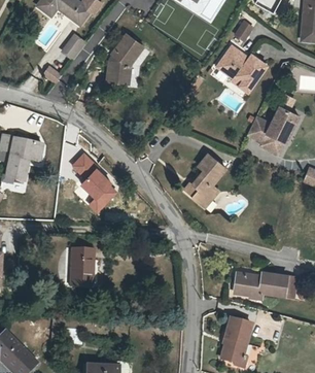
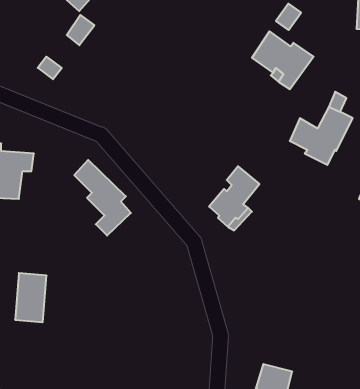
building: [106,33,143,83] -> none
building: [71,248,97,289] -> [15,273,47,322]
building: [231,268,295,294] -> none

